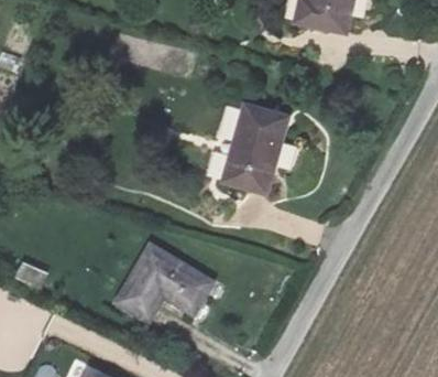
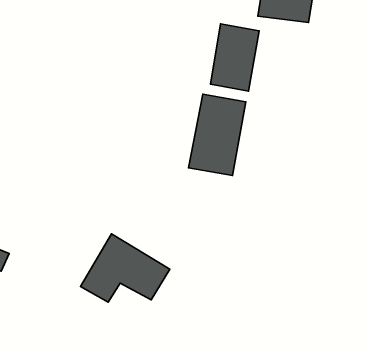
building: none -> [211,24,259,91]

